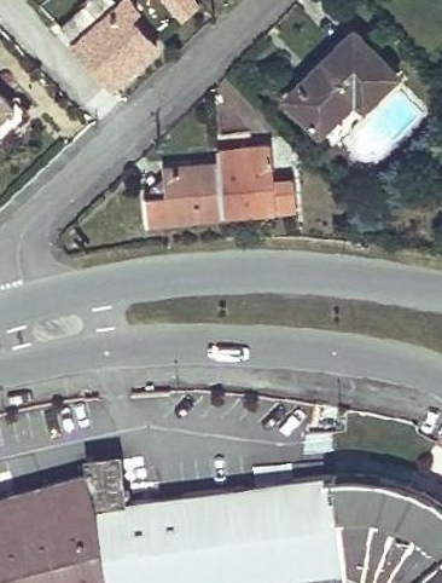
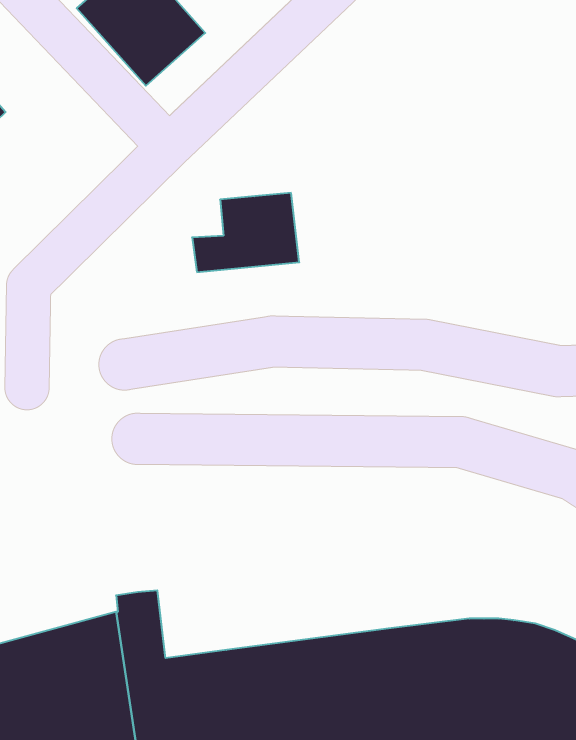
building: [286,35,395,145] -> none
building: [214,149,295,219] -> none

